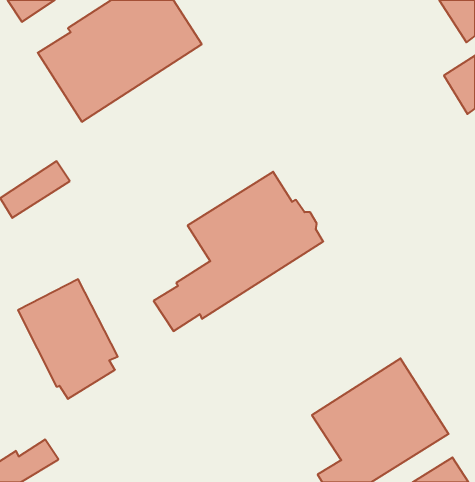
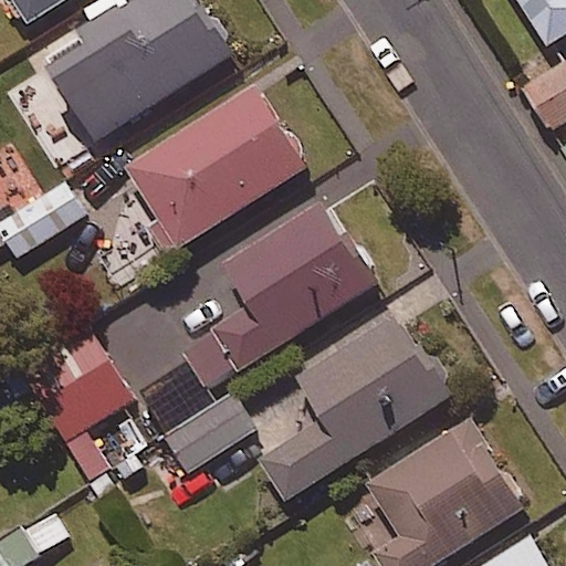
building: none -> [124,86,307,261]
building: none -> [260,314,454,501]
building: none -> [149,390,253,470]

